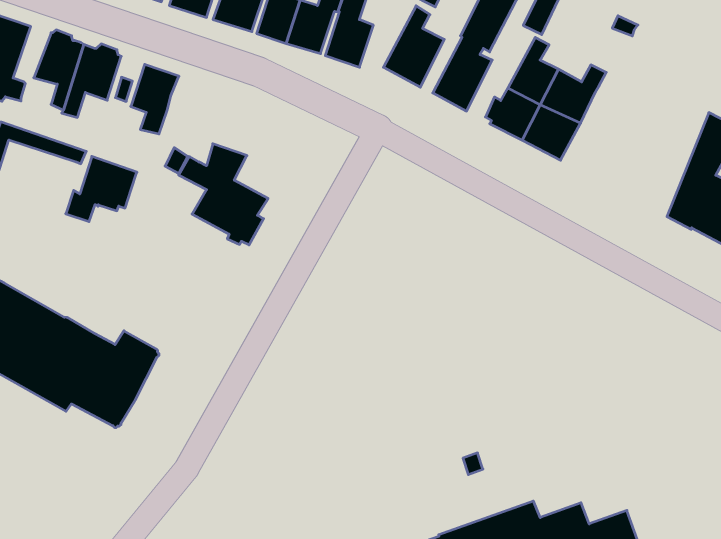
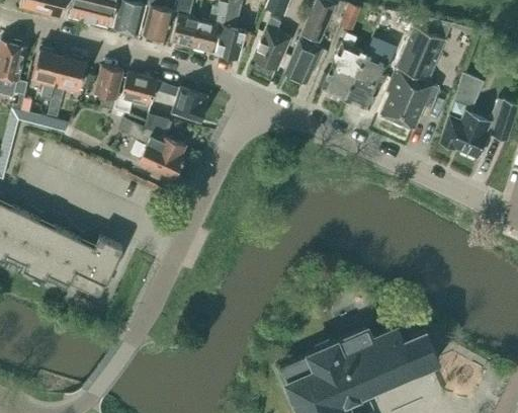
building: none -> [380,16,446,130]
building: none -> [165,85,207,123]
building: [66,156,137,222] -> [113,73,157,114]

